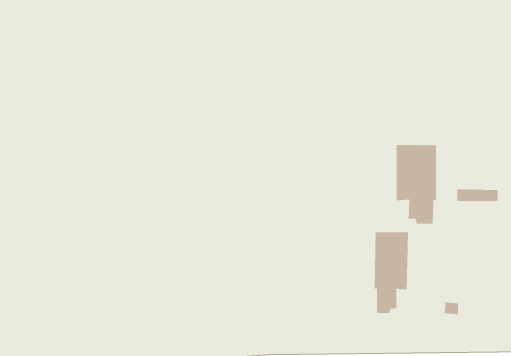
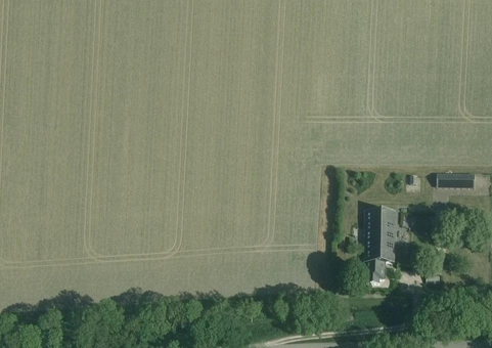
building: [396,144,437,224] -> none

